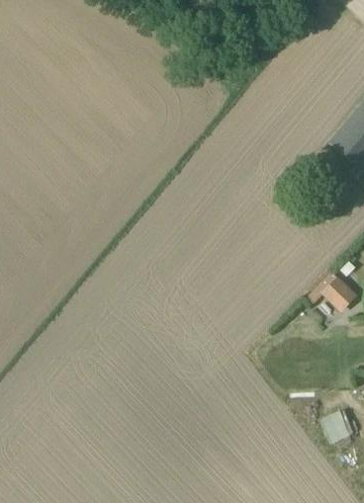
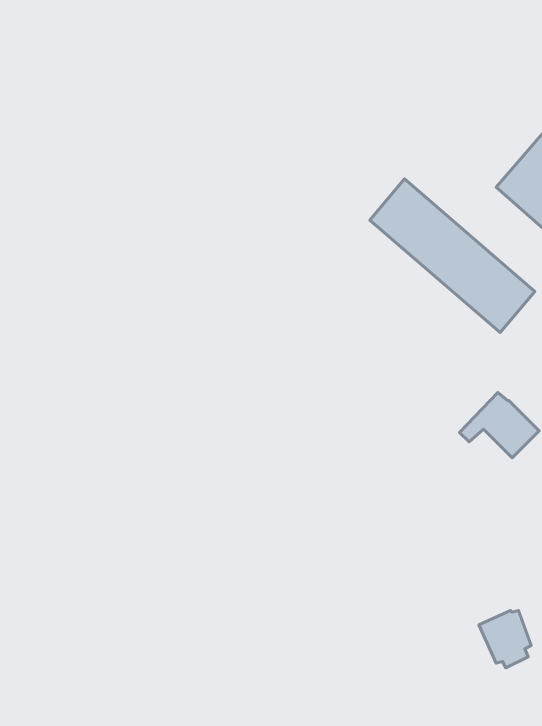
building: none -> [370,179,535,333]

